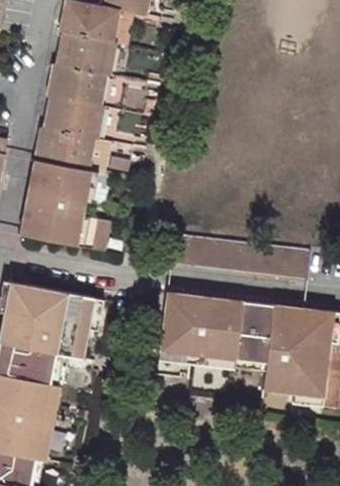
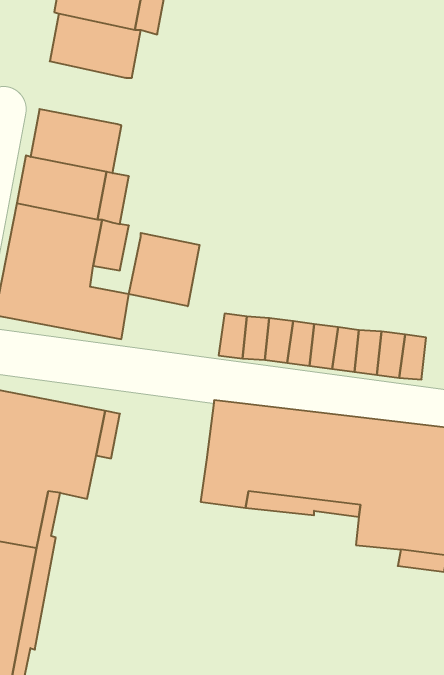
building: [46,63,108,106] -> none
building: none -> [129,233,200,306]

